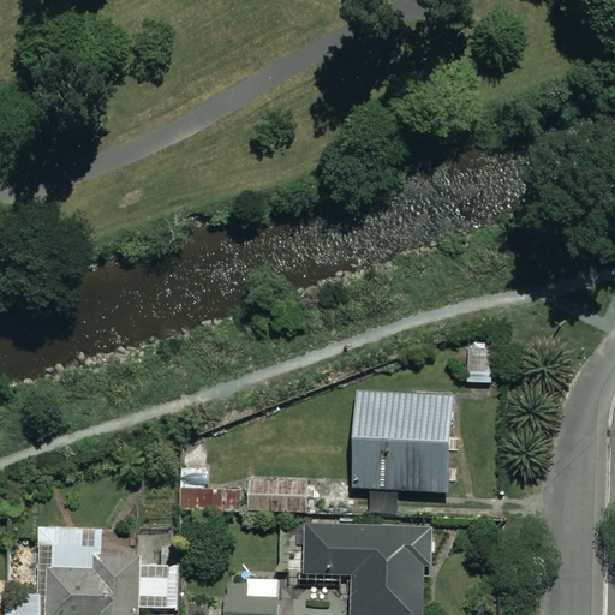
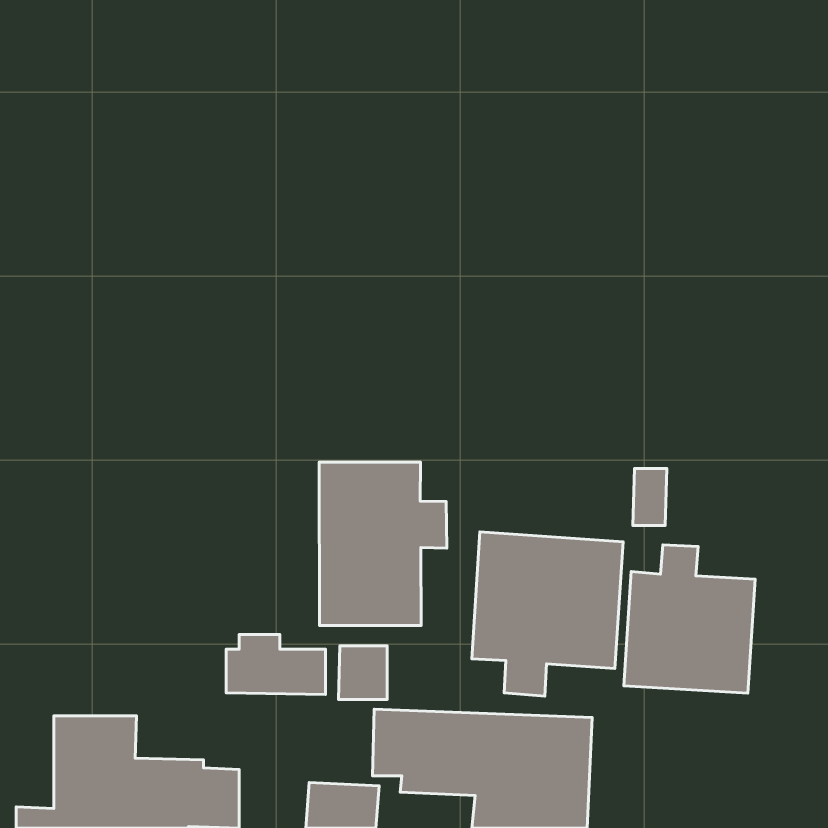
building: none -> [319,462,447,626]
building: none -> [624,545,755,693]

